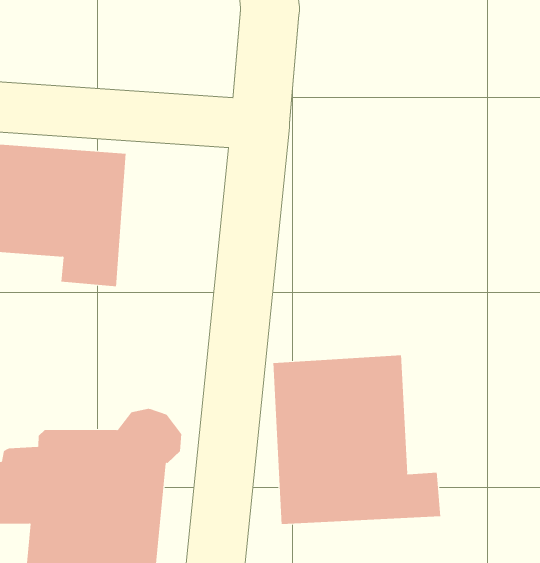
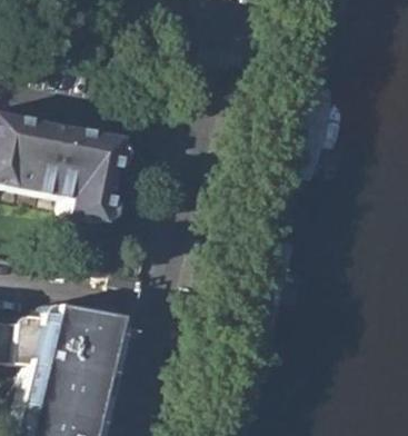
building: [273,355,441,525] -> none

